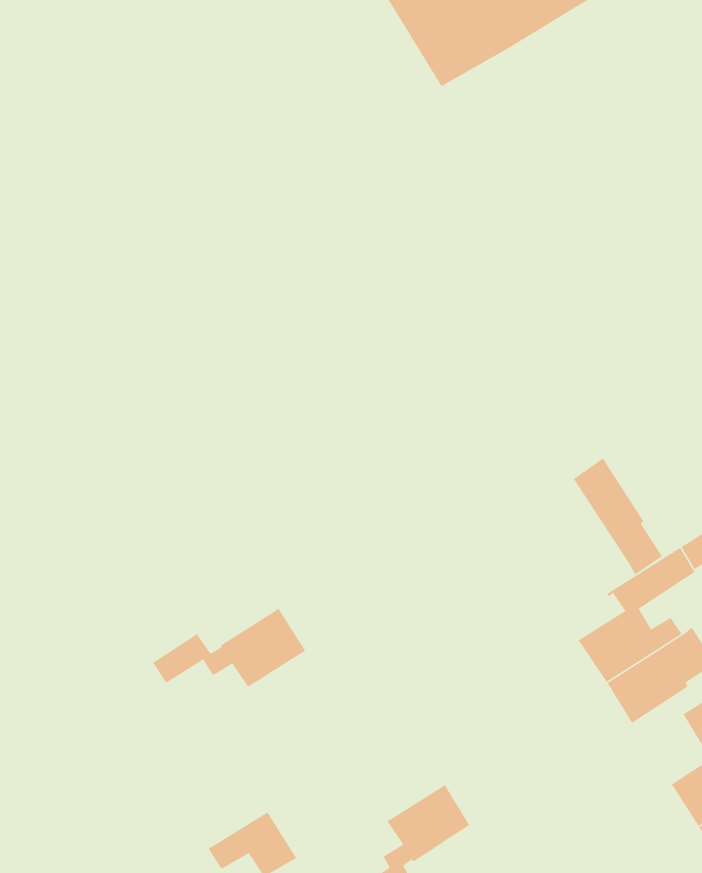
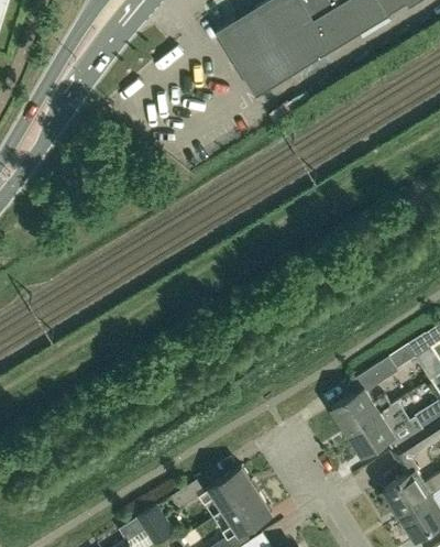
building: [573,457,663,576] -> none
building: [152,608,306,688] -> [169,467,256,512]

